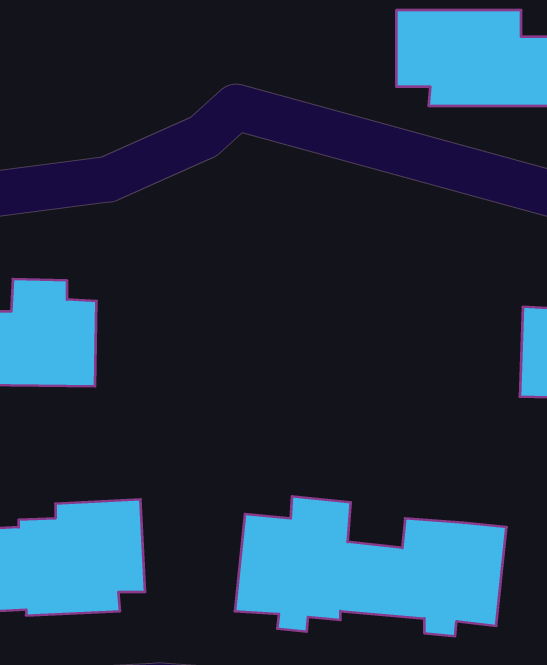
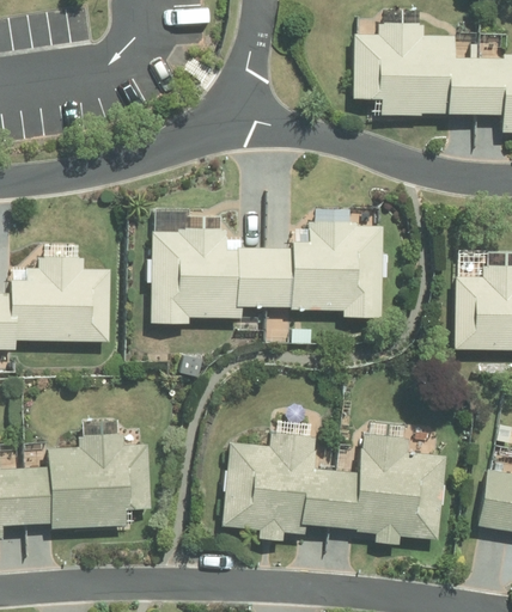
building: none -> [152,221,380,322]

